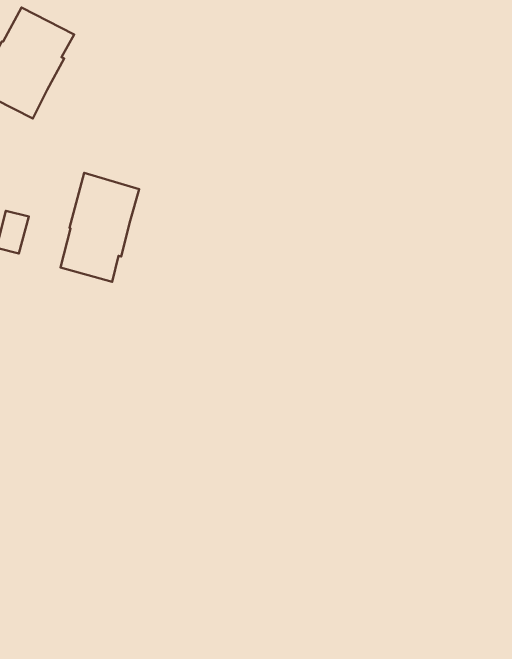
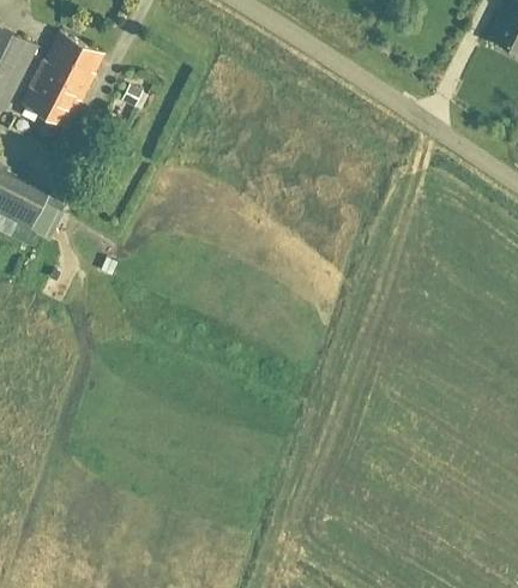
building: [61,173,139,282] -> none

